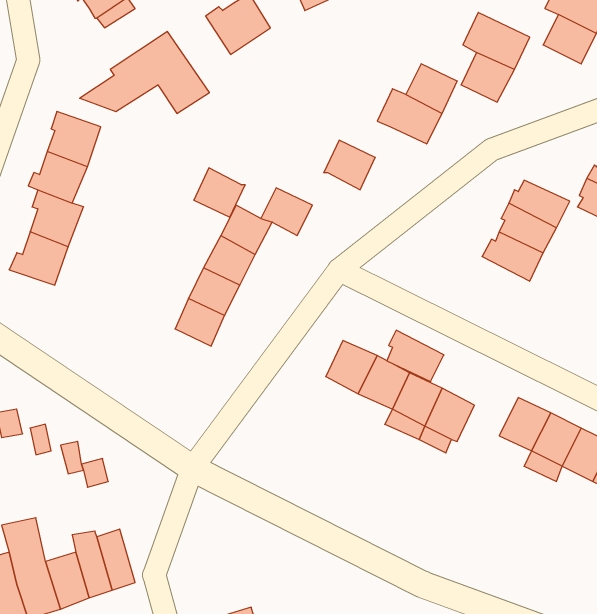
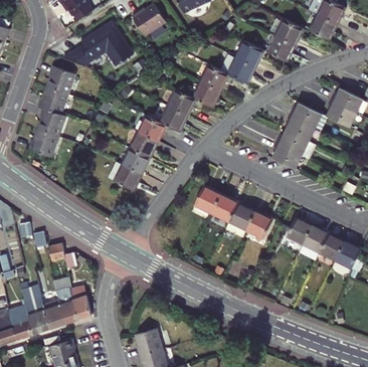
building: none -> [200,64,227,89]
building: [194,168,245,217] -> [167,88,194,115]
building: [387,330,444,382] -> [270,142,301,169]

